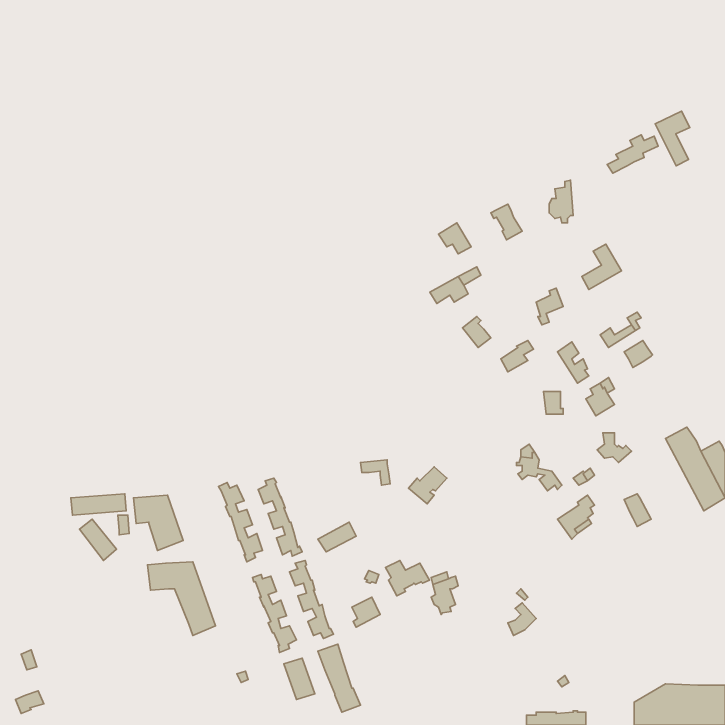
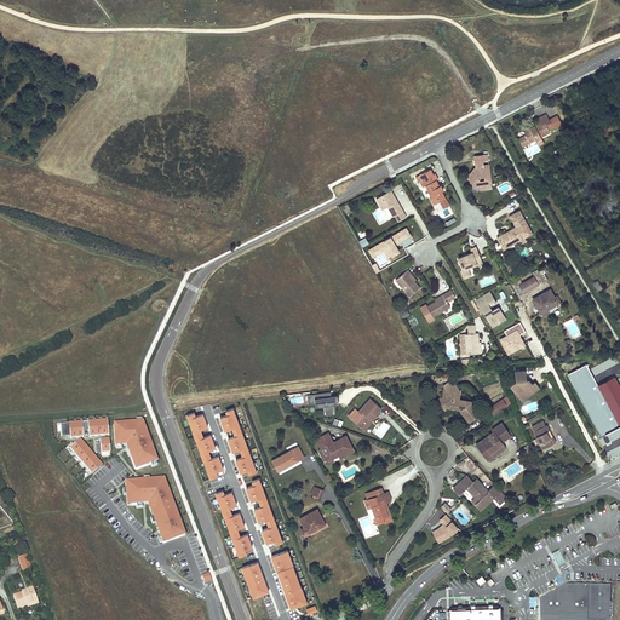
building: [655,111,690,166] -> none
building: none -> [454,475,506,509]
building: [386,560,430,596] -> [316,434,354,464]

